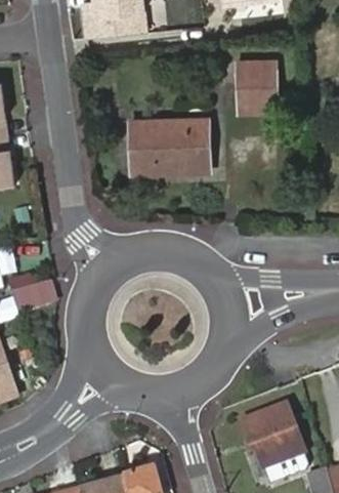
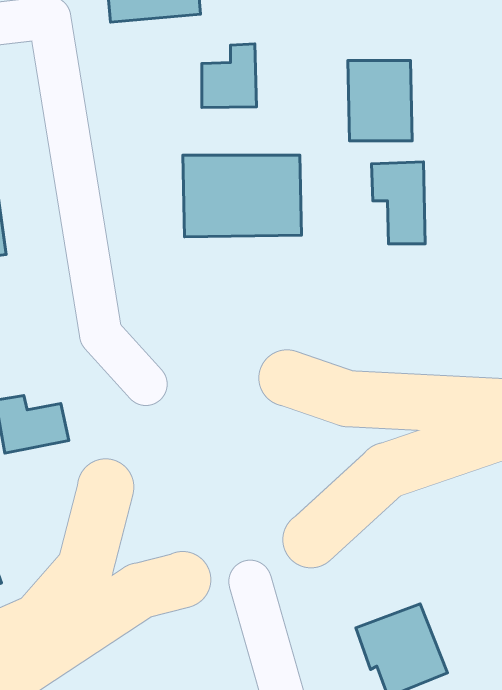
building: none -> [202,44,256,108]
building: none -> [371,162,425,244]

